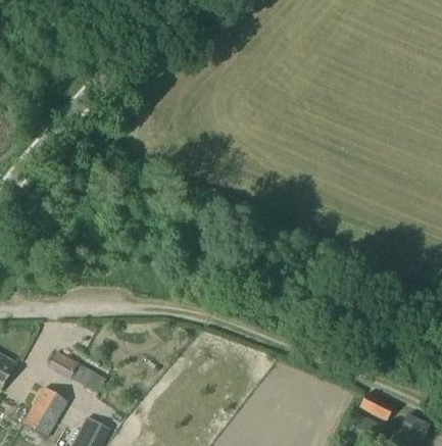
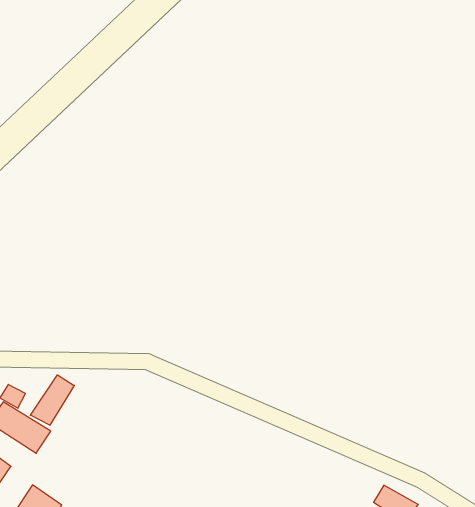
building: none -> [30,375,74,425]

